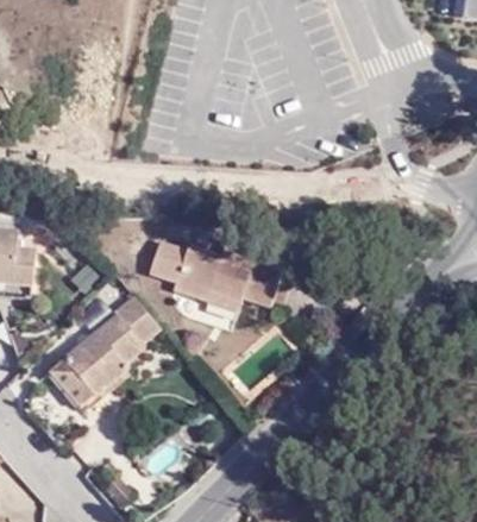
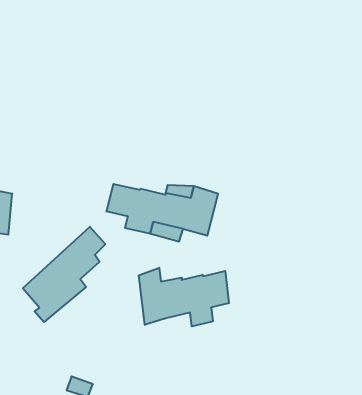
building: none -> [139,268,229,326]

